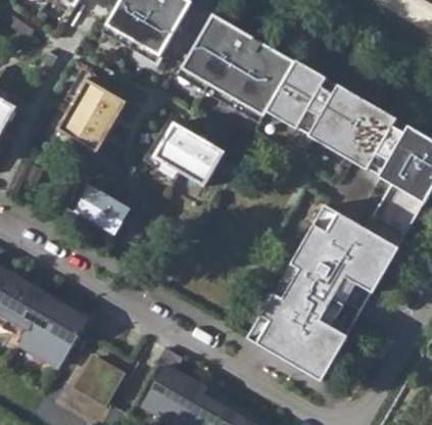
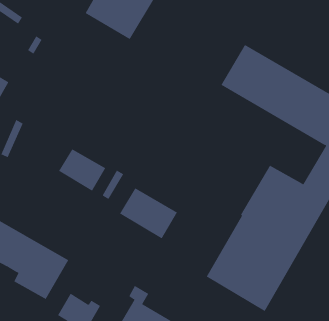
building: [180,14,295,117] -> none
building: [55,79,127,154] -> none
building: [152,127,222,188] -> [119,188,178,239]

